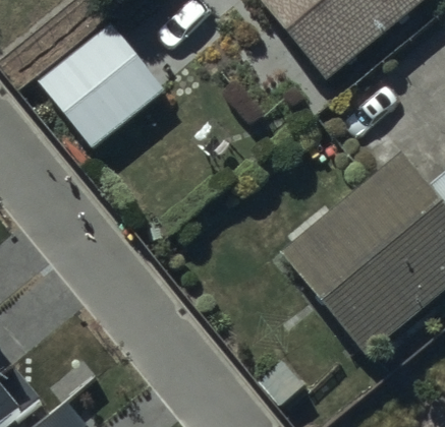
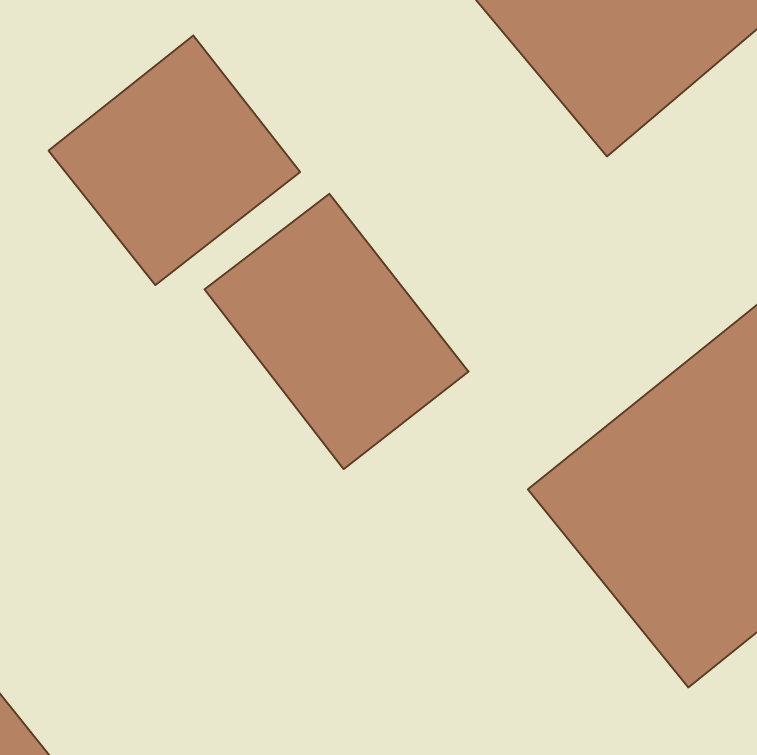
building: none -> [205,194,469,469]

